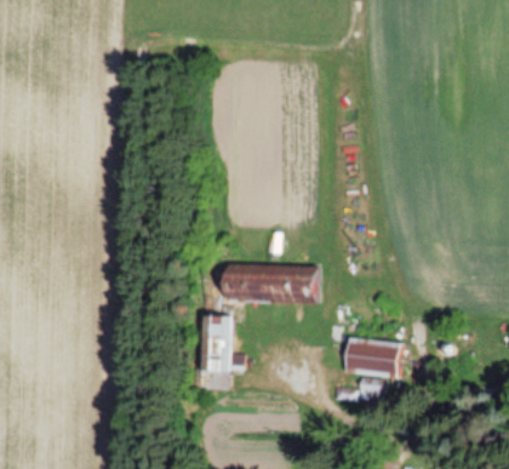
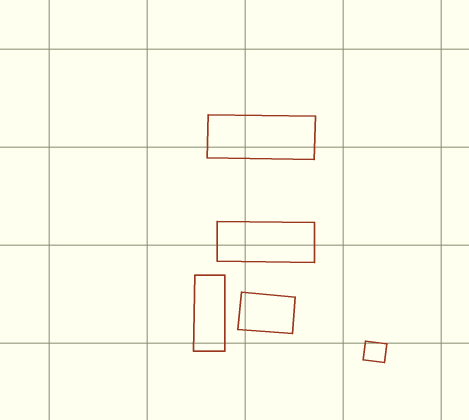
building: none -> [207,115,315,159]
building: [344,337,400,377] -> [238,292,295,333]

